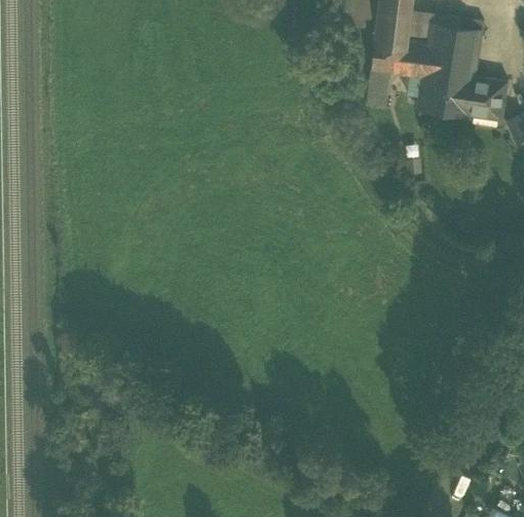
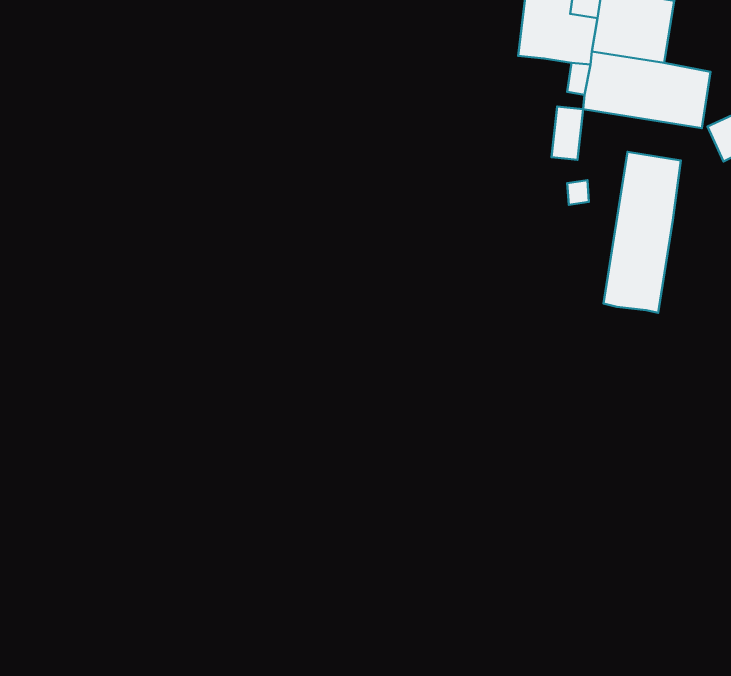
building: [367,70,389,108] -> [551,106,583,160]
building: none -> [603,152,681,313]

